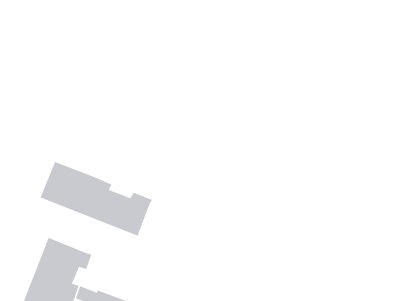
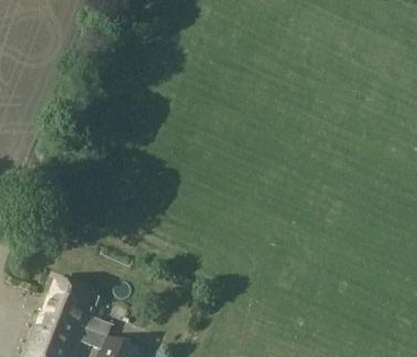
building: [40,161,152,237] -> none

